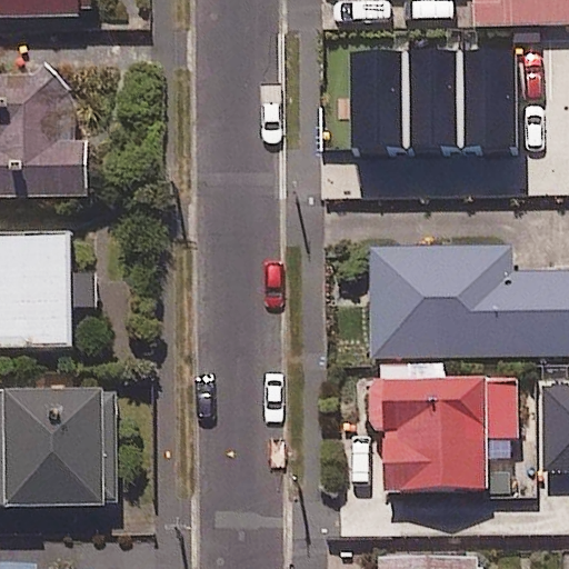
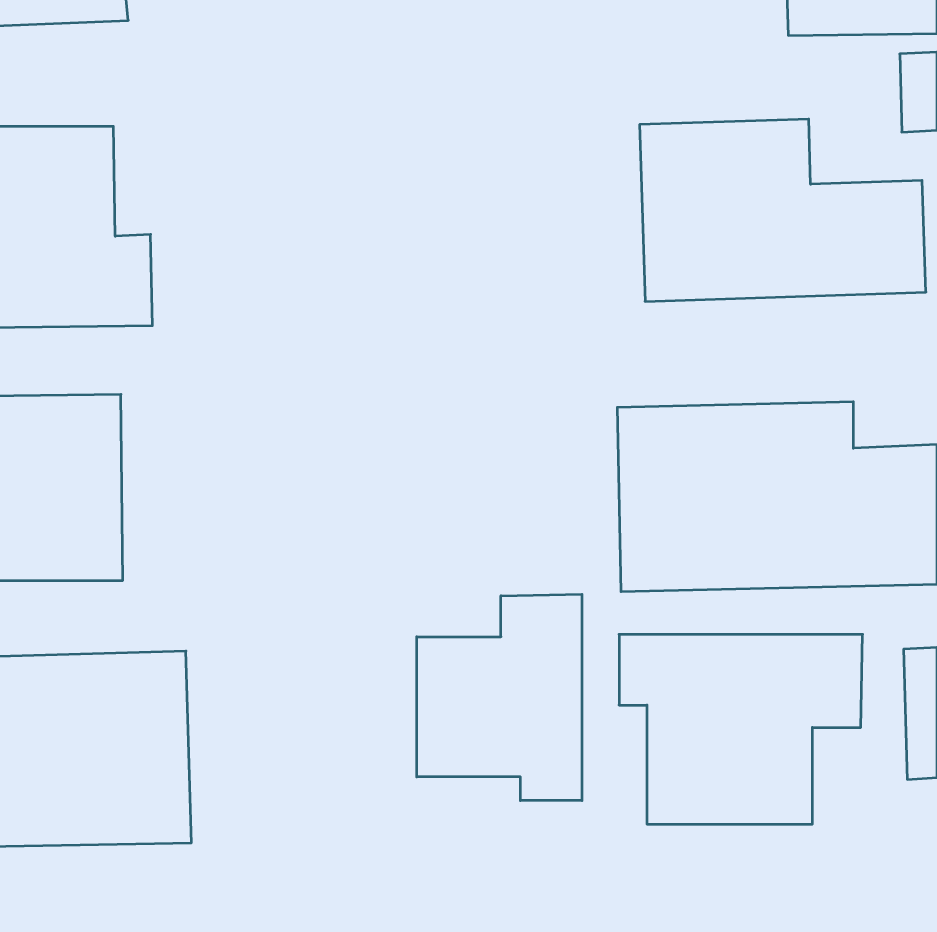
building: none -> [417,594,582,801]

